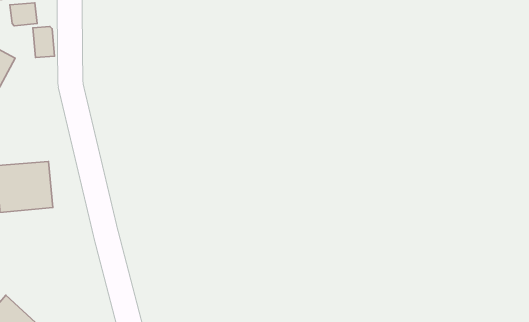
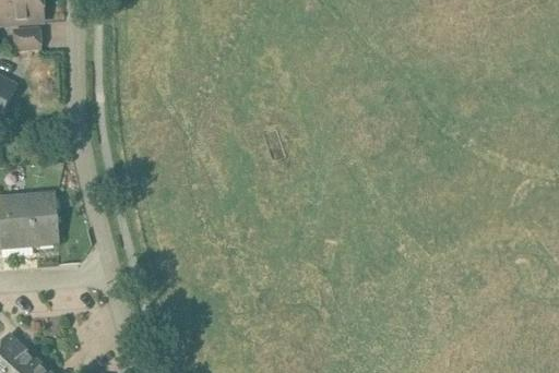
building: [33,27,55,58] -> none

